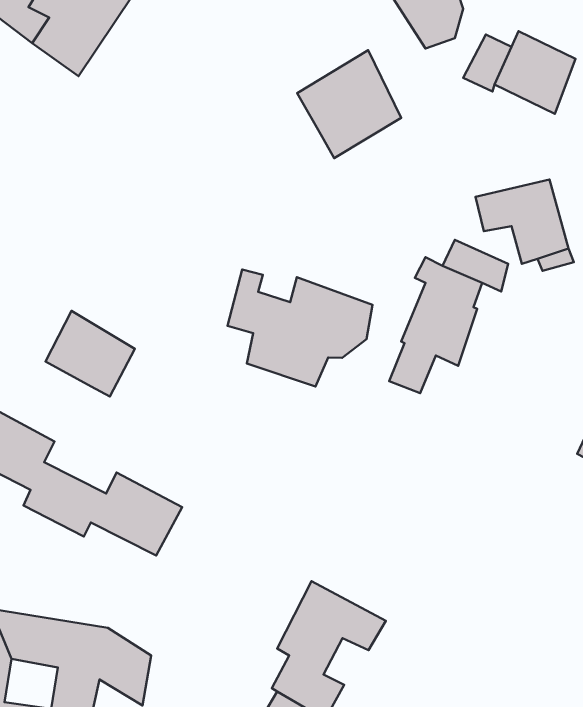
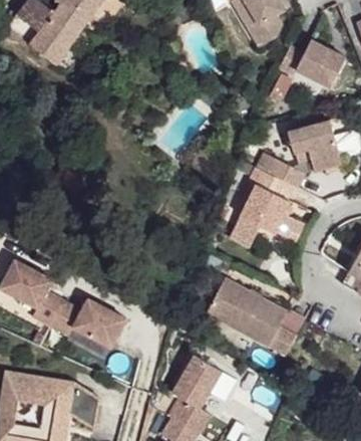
building: [297,50,401,158] -> none
building: [228,270,372,387] -> none
building: [45,311,135,397] -> none
building: none -> [207,278,303,354]

